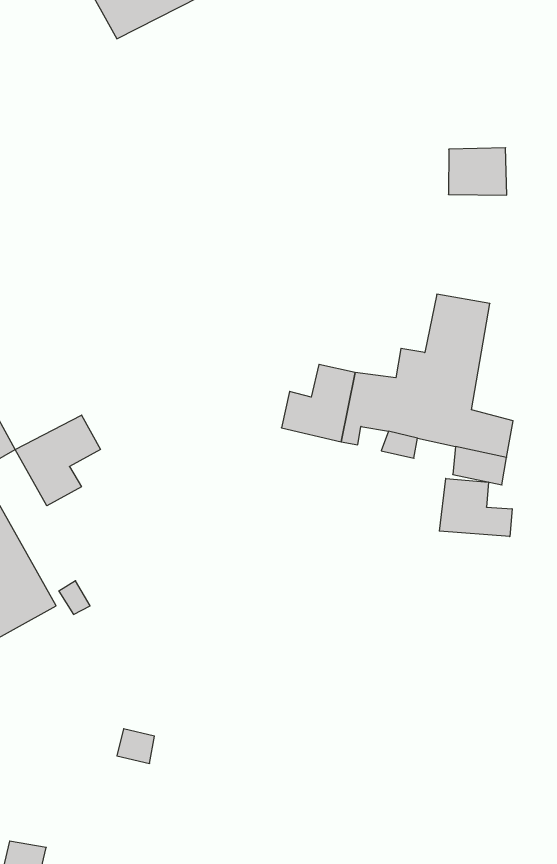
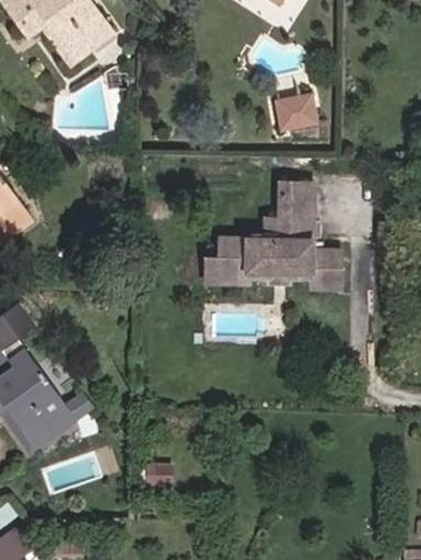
building: [15,415,100,506] -> none
building: [439,478,512,537] -> none

